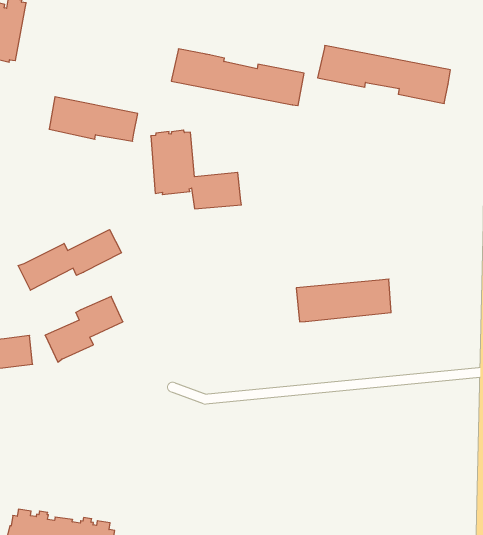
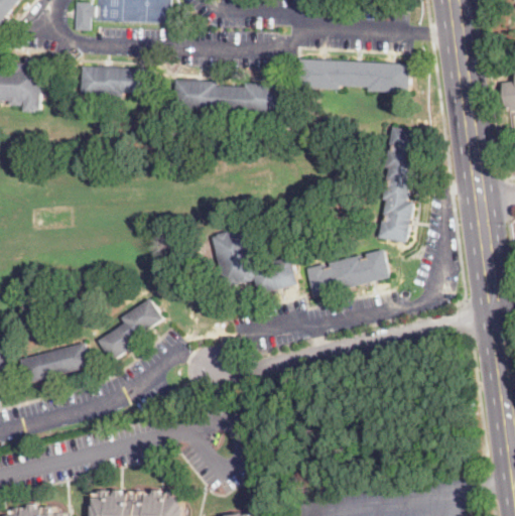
building: [49,97,138,141] -> [81,66,154,97]
building: [151,130,241,209] -> [211,228,296,293]
building: none -> [377,127,418,243]
building: [18,230,121,290] -> none

